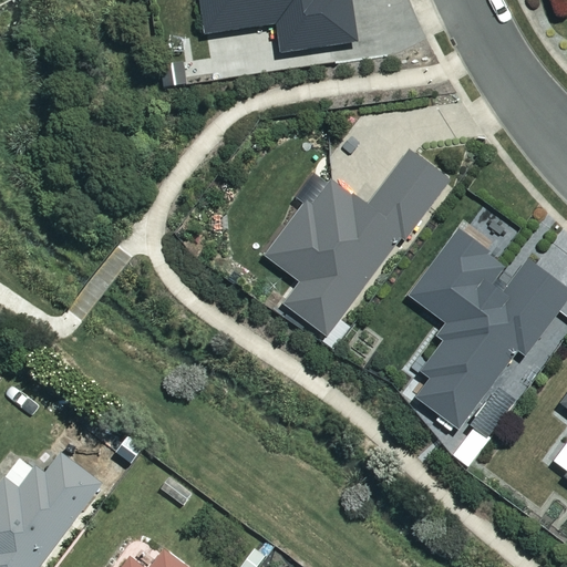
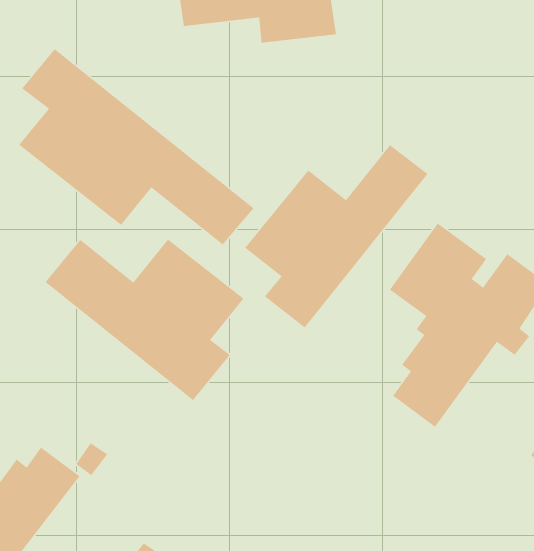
building: none -> [18,48,254,246]
building: none -> [44,239,245,401]

